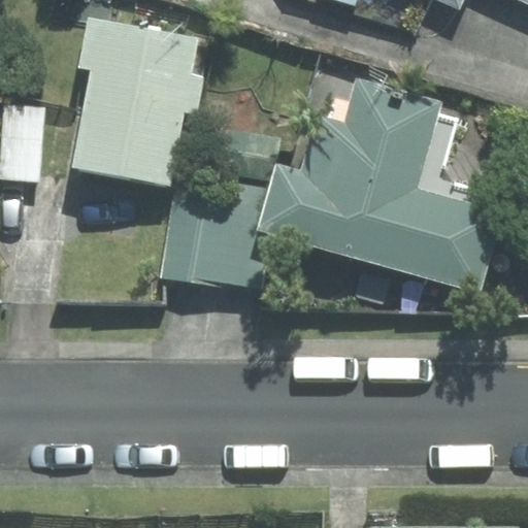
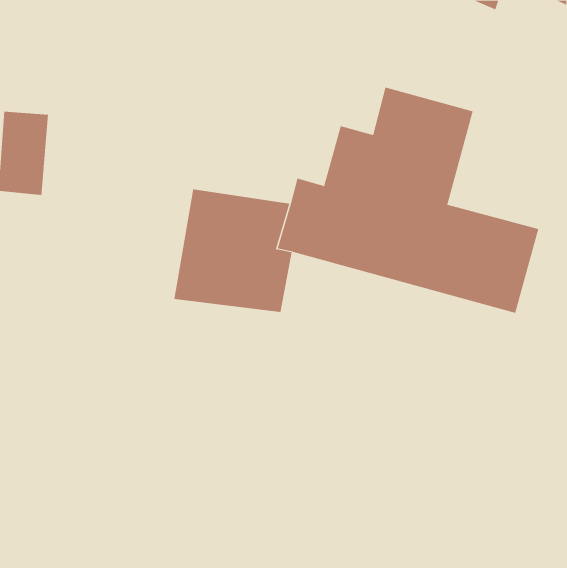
building: [72,18,202,187] -> none

